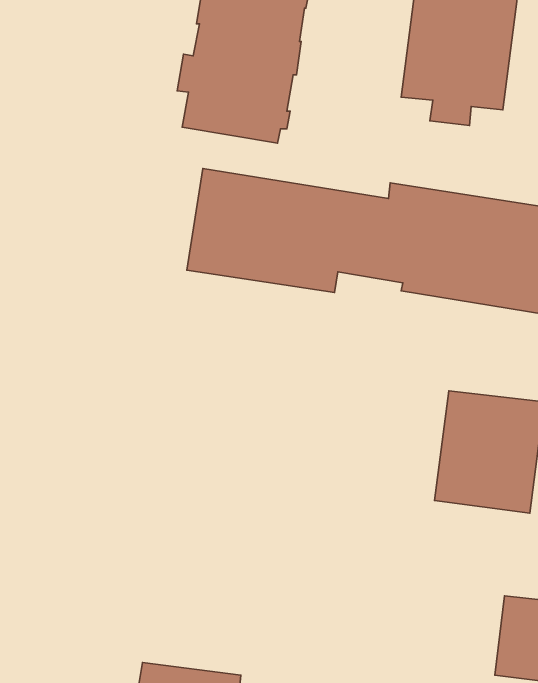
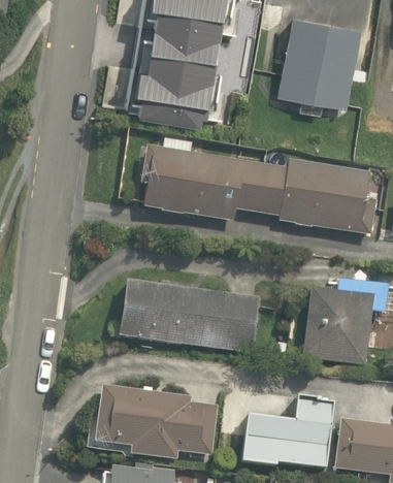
building: none -> [121,280,256,354]
building: none -> [95,382,219,459]
building: none -> [243,396,333,463]

